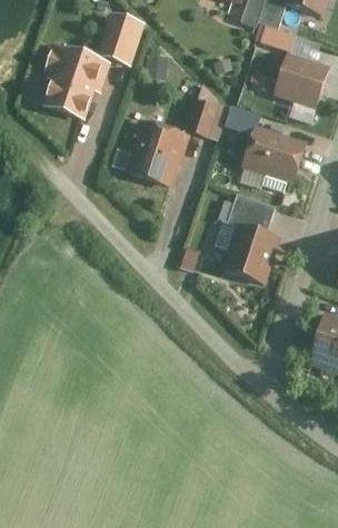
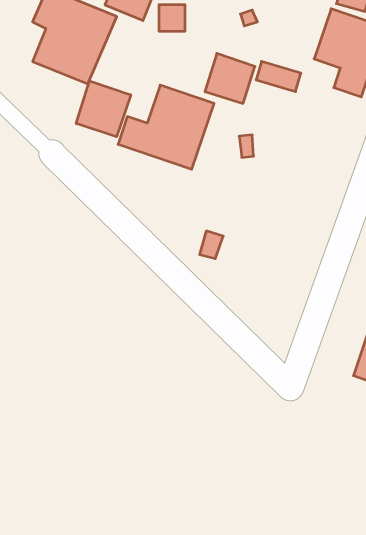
building: none -> [76,81,131,137]
building: [238,125,310,195] -> none
building: [228,190,271,222] -> none
building: [223,223,281,286] -> none

